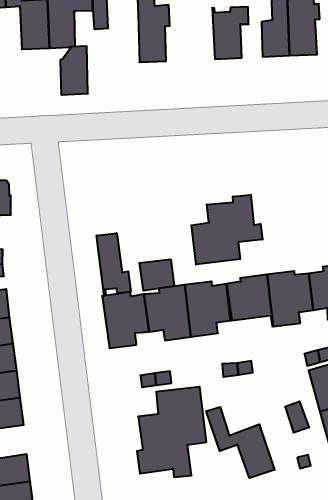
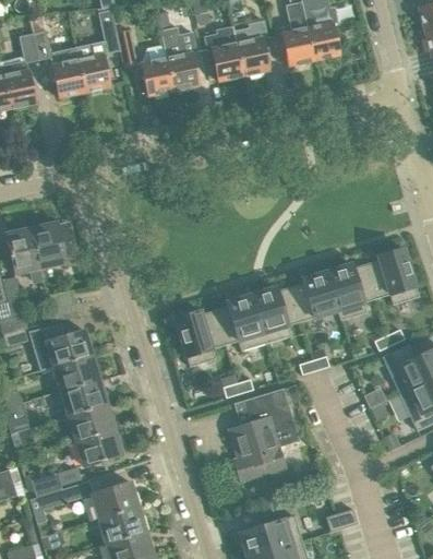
building: none -> [203,26,243,81]
building: [60,46,88,95] -> [141,46,172,96]
building: [191,195,263,265] -> none
building: [97,233,131,296] -> none
building: [140,259,174,291] -> none
building: [206,407,275,478] -> none

